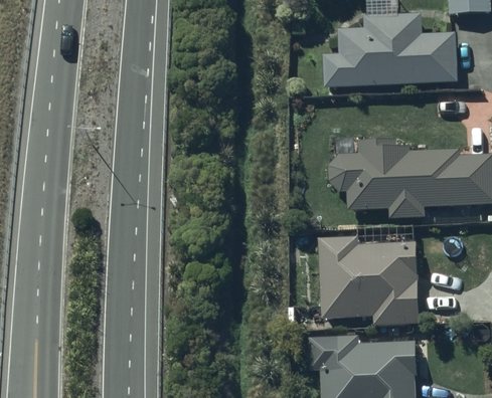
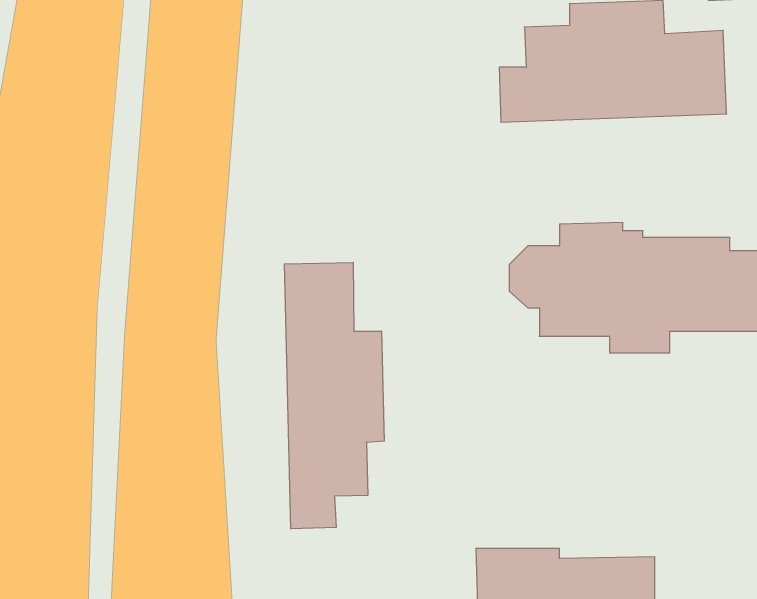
building: none -> [284,262,384,529]
building: [319,238,419,328] -> none

